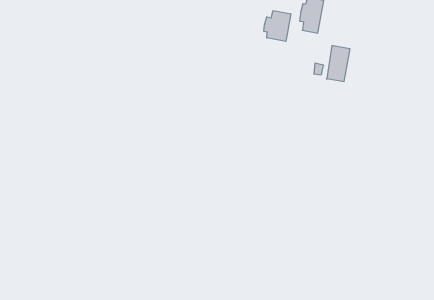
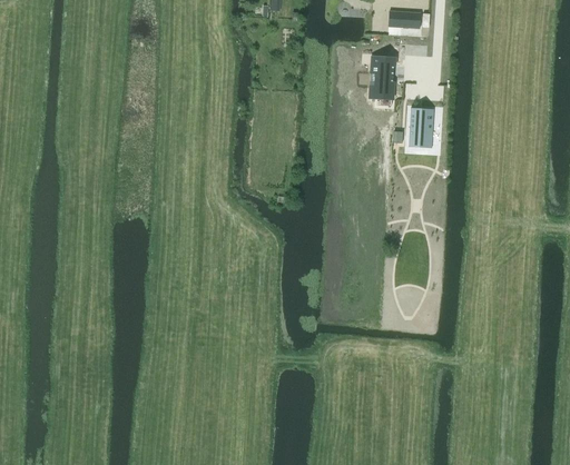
building: [264,11,291,41] -> none

